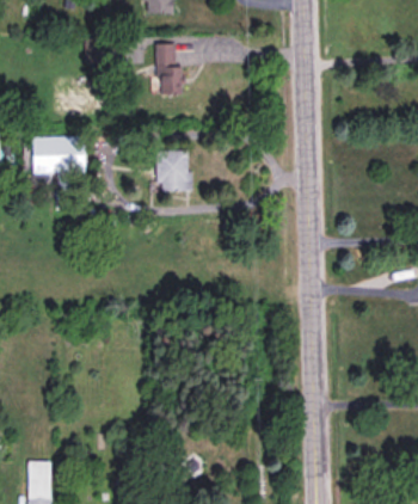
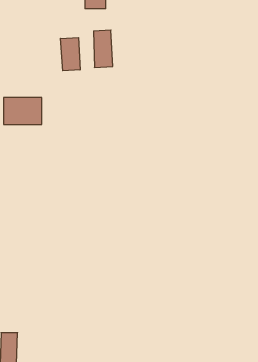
building: none -> [60,38,80,71]
building: [156,152,190,191] -> none

